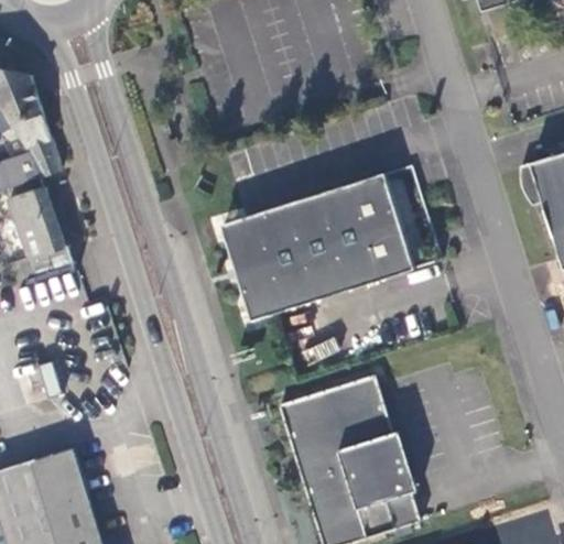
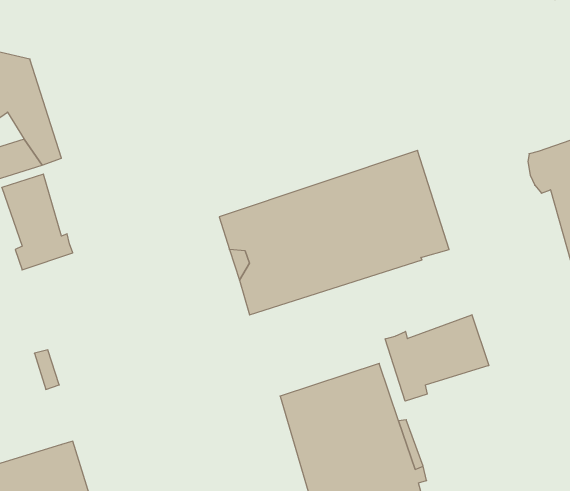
building: none -> [385,315,489,401]

